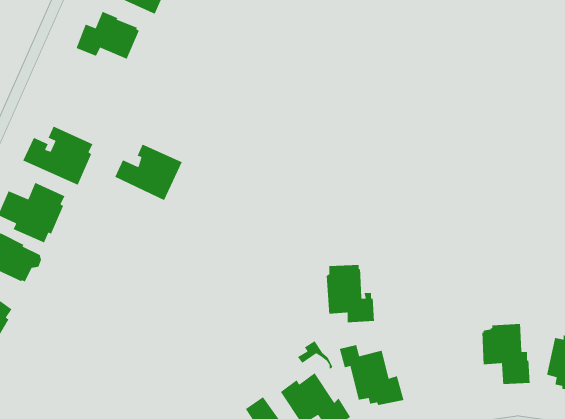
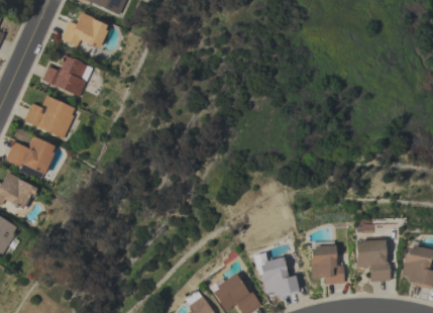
building: [114,144,183,201] -> [43,55,93,96]
building: [326,264,375,323] -> [310,241,345,284]

